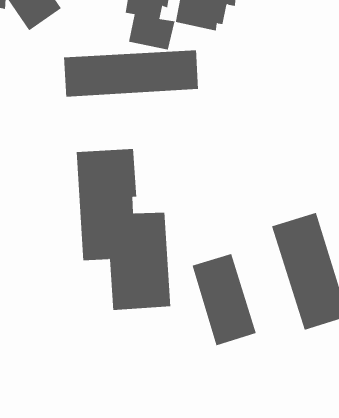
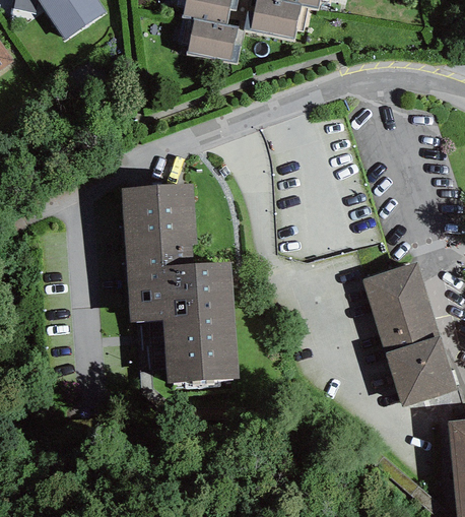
building: [63,49,199,98] -> none
building: [192,253,257,346] -> none

